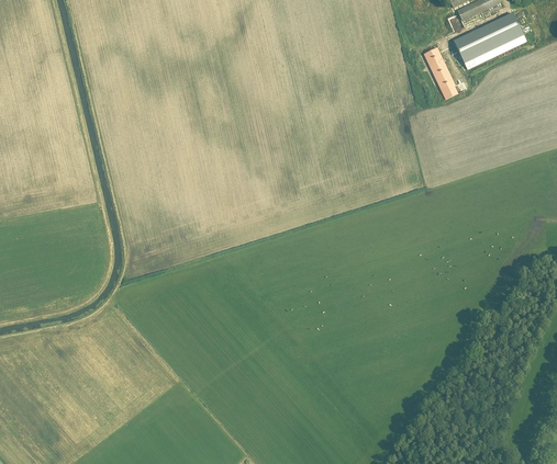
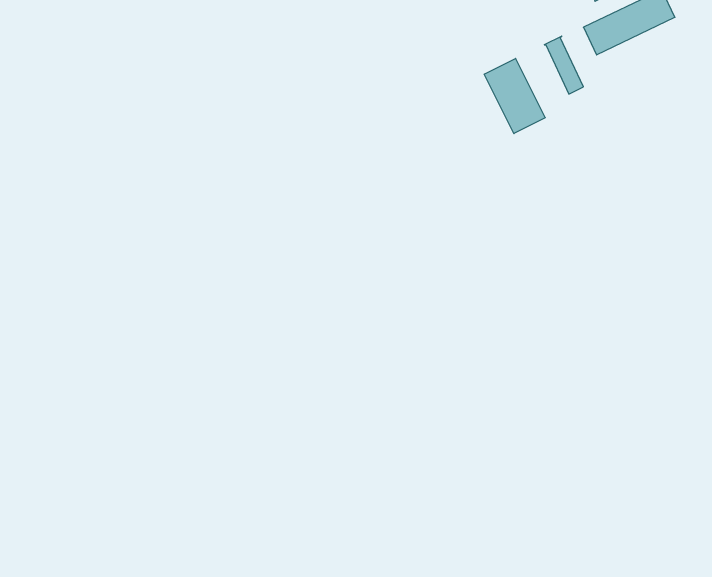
building: none -> [484,58,545,134]

